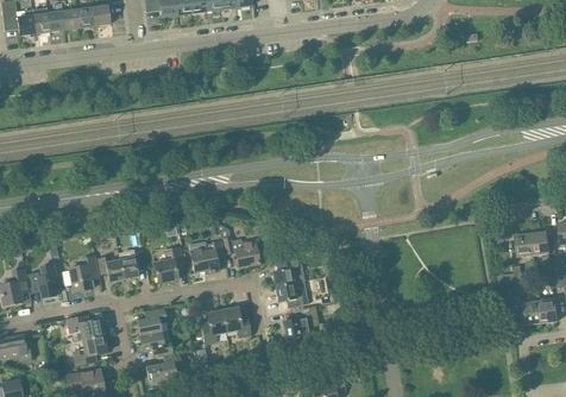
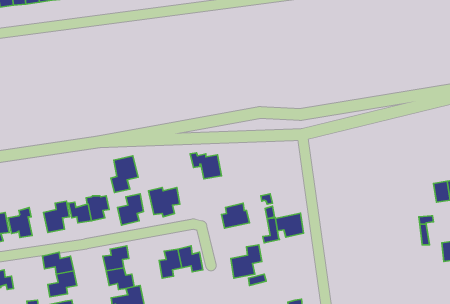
building: none -> [111,156,138,193]
building: [225,237,260,266] -> [190,153,222,179]
building: [277,281,309,308] -> [276,213,304,237]

